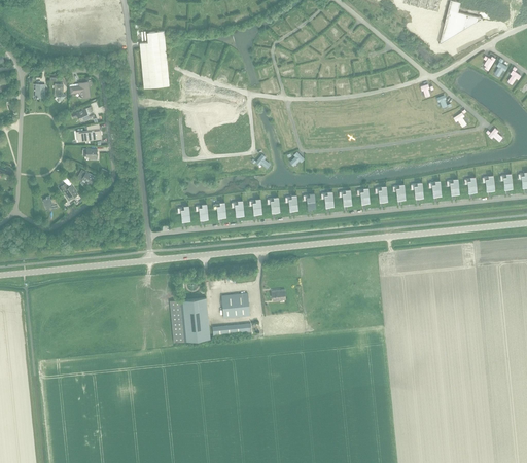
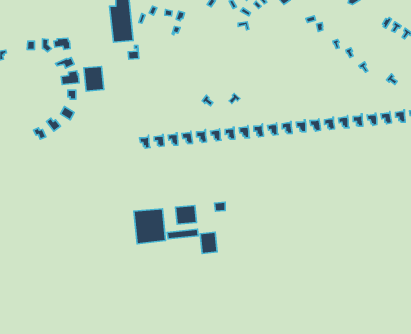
building: none -> [84,67,104,91]
building: none -> [200,232,217,254]

